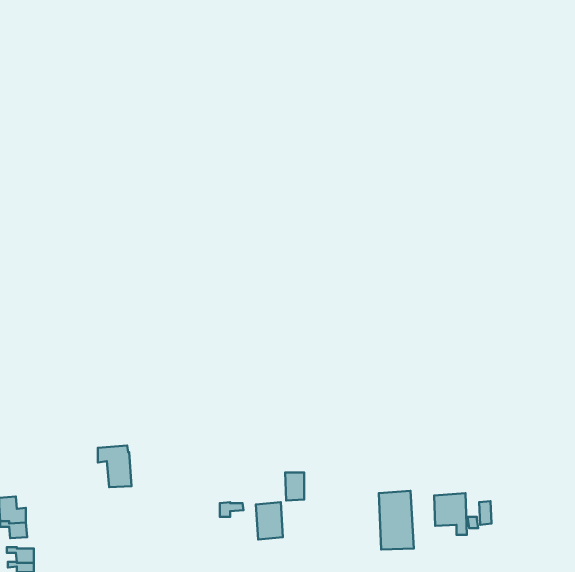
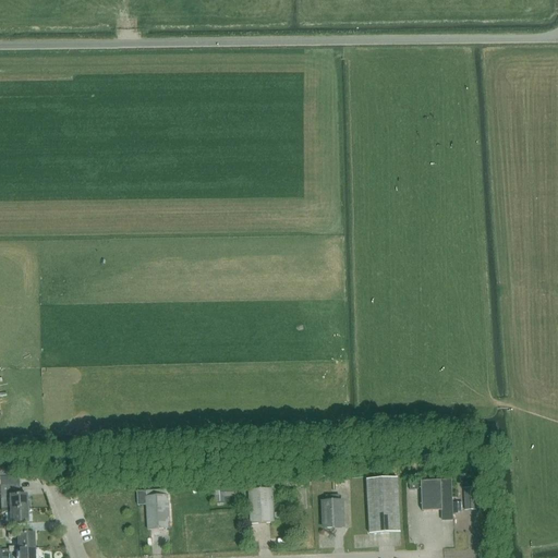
building: [98,445,132,487] -> [136,487,169,527]
building: [285,473,304,501] -> [323,499,341,526]

